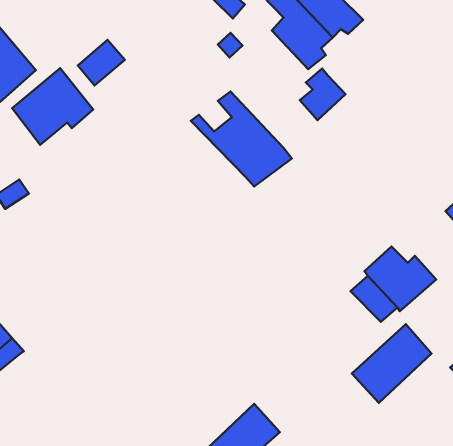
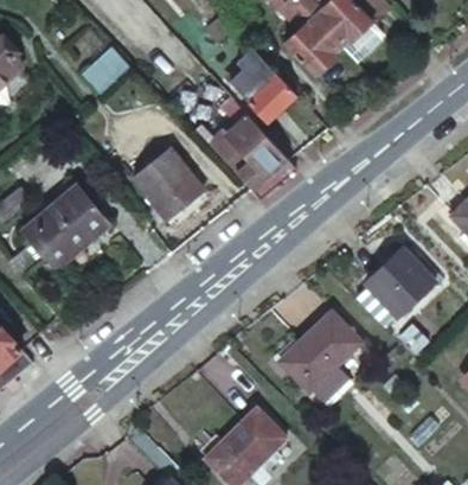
building: [12,68,93,145] -> [17,184,98,261]
building: [300,68,346,120] -> [249,69,295,121]
building: none -> [130,151,199,221]
building: [352,324,432,403] -> [280,311,360,390]

